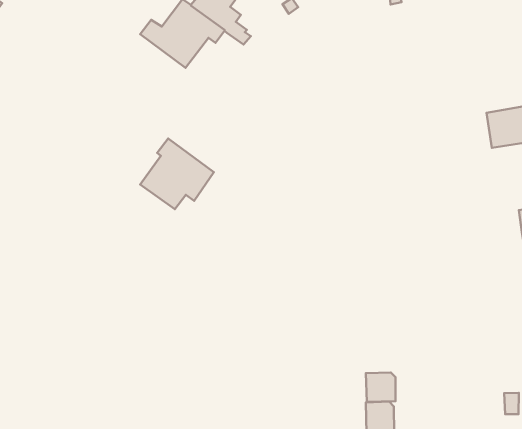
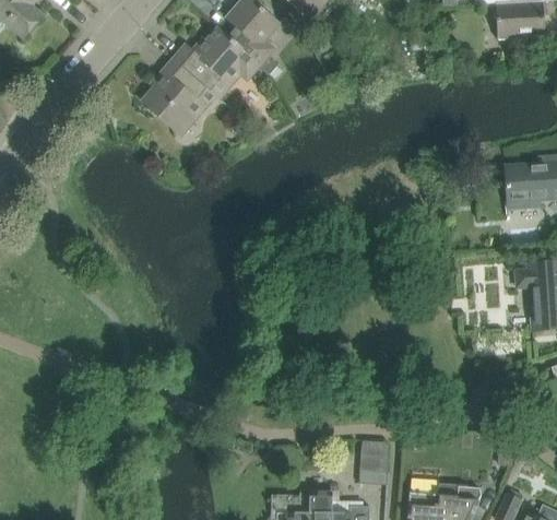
building: [140,139,214,209] -> [142,58,215,128]
building: [366,372,396,402] -> none

